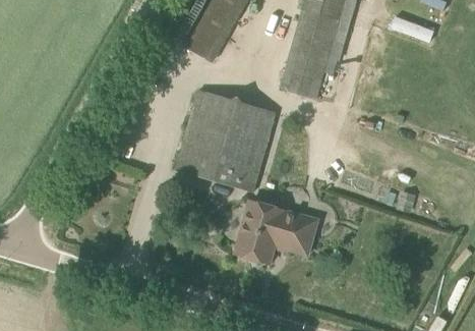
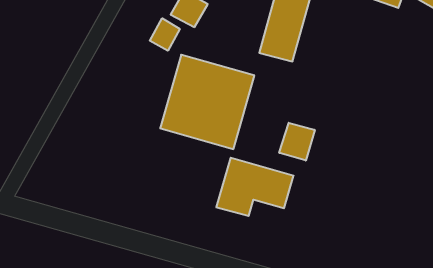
building: none -> [150,18,180,51]
building: none -> [279,123,315,161]

